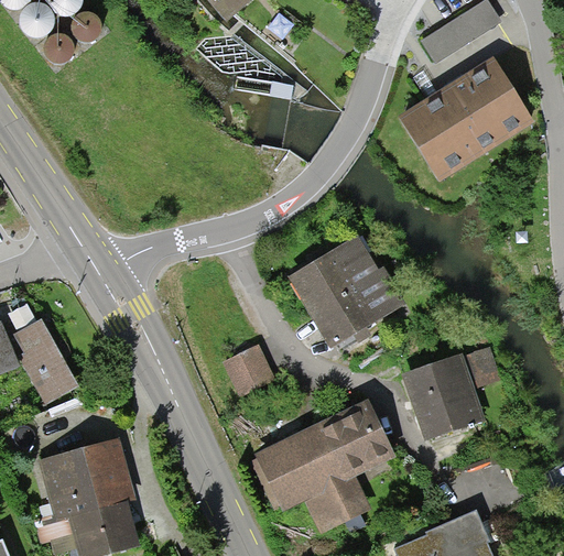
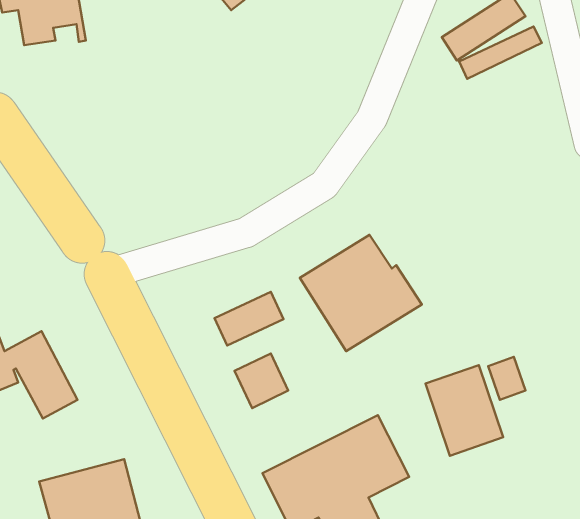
building: [402,64,532,182] -> none
building: none -> [214,292,283,345]

